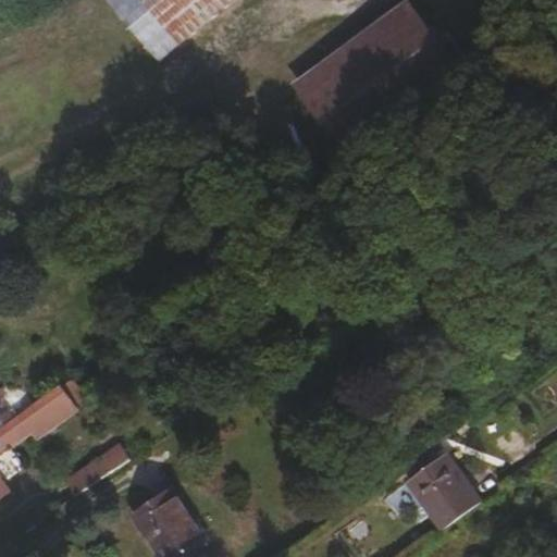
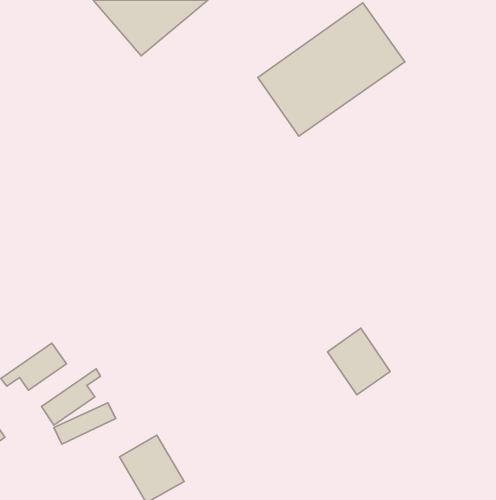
building: none -> [41,369,101,425]
building: [408,447,478,521] -> [327,328,390,395]

